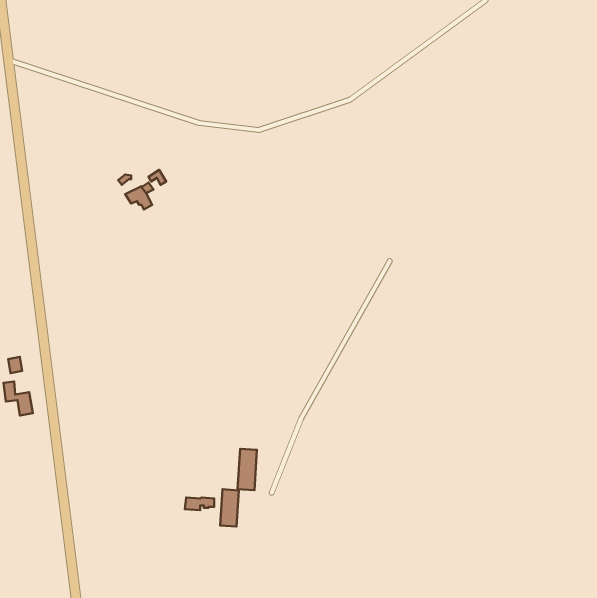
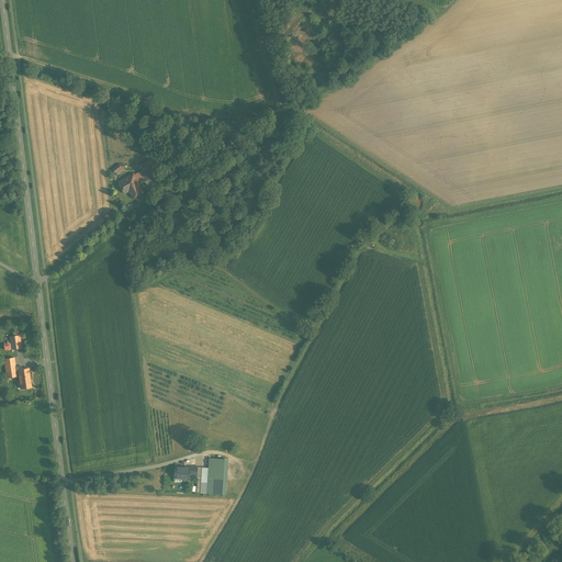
building: [238,449,257,490] -> none

